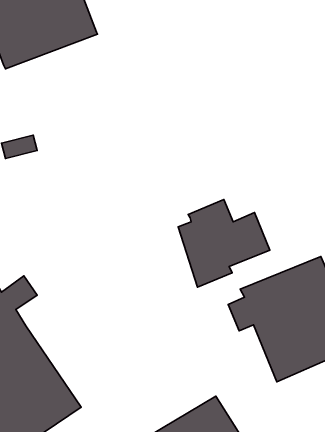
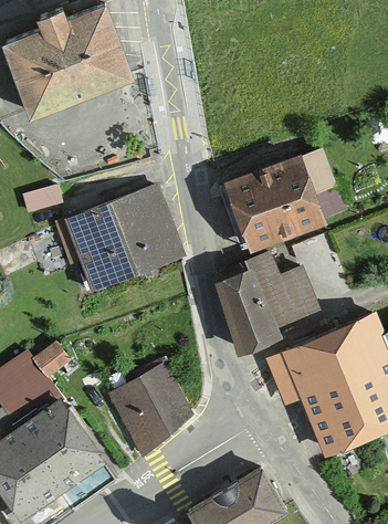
building: none -> [227,151,338,255]
building: none -> [61,188,182,291]
building: none -> [98,359,191,458]

